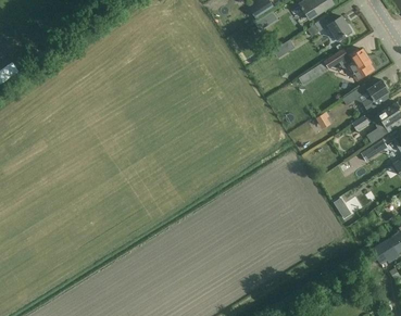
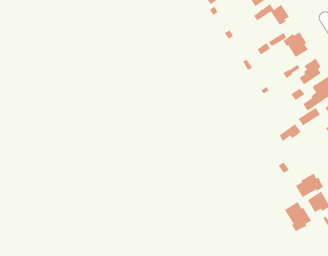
building: none -> [295,173,324,198]
building: none -> [284,201,312,232]

